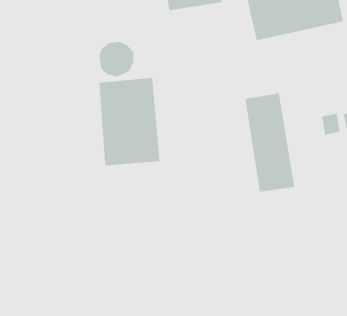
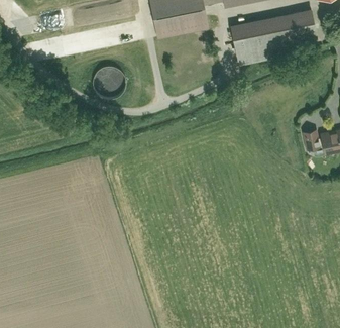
building: [98,77,161,166] -> none
building: [244,92,295,193] -> none

